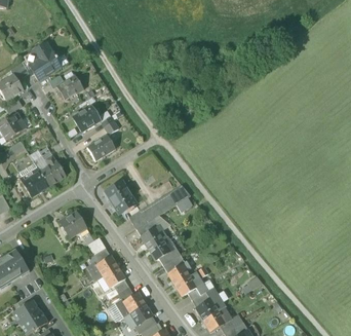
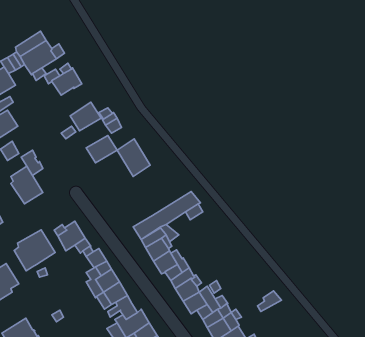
building: [39,155,66,187] -> none
building: [107,181,136,215] -> [117,139,150,177]
building: none -> [14,230,55,271]

